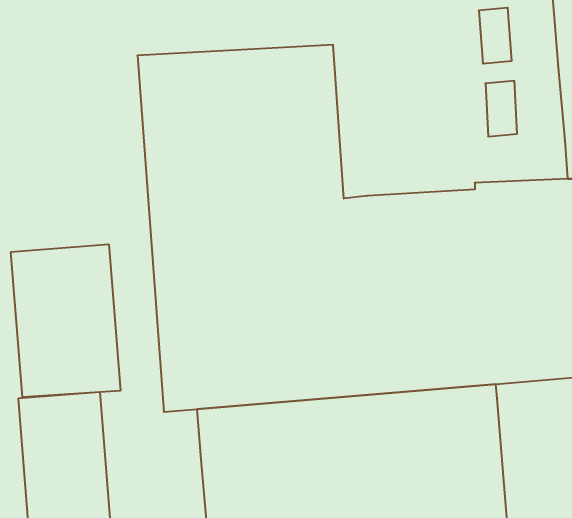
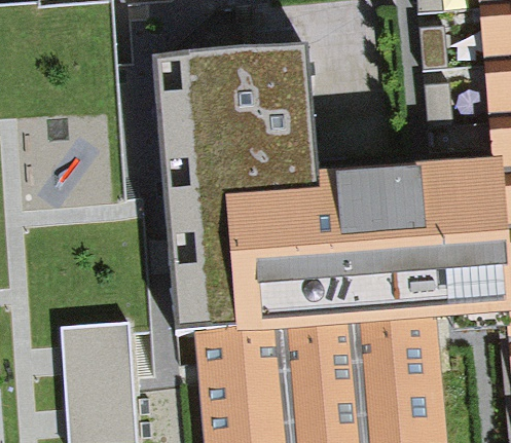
building: [11,244,120,397] -> none

